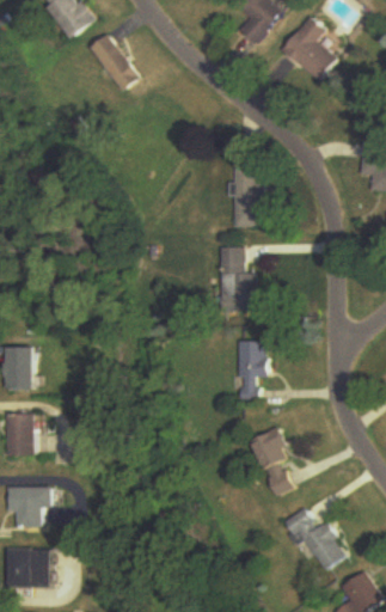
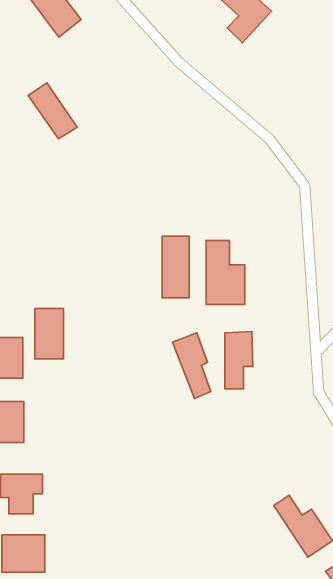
building: [280,17,338,84] -> none
building: [87,35,137,92] -> [28,83,77,139]
building: [234,164,262,227] -> [162,236,189,298]
building: none -> [35,309,63,359]
building: [251,428,290,495] -> [172,333,211,398]

